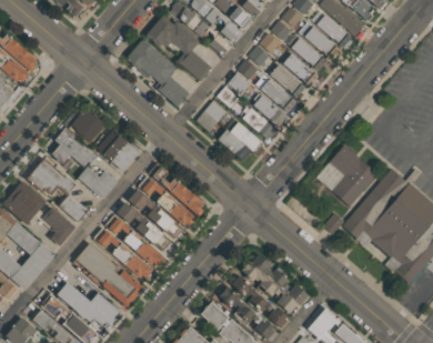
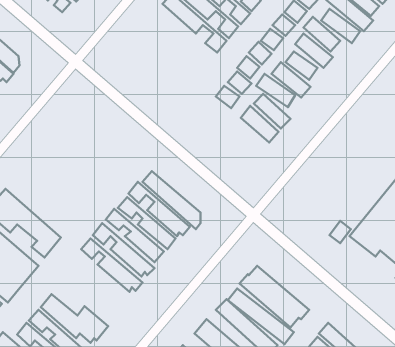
building: [148,14,211,80] -> none
building: [129,41,189,107] -> none
building: [197,101,226,132] -> none
building: [71,107,107,142] -> none
building: [219,121,263,159] -> none
building: [50,129,117,196] -> none
building: [103,134,142,173] -> none
building: [316,145,381,210] -> none
building: [28,159,90,223] -> none
building: [77,242,141,303] -> none

